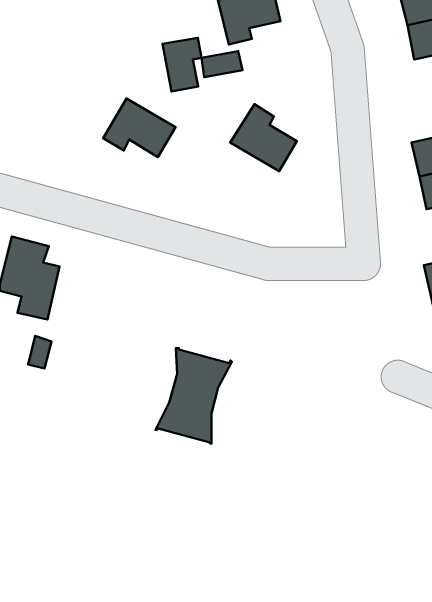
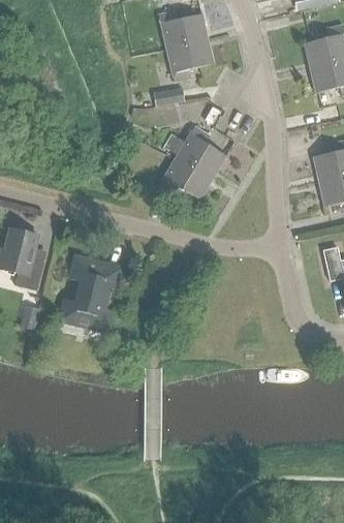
building: [163,38,201,91] -> none
building: [103,99,176,157] -> [158,156,213,201]
building: [156,348,232,443] -> [61,257,119,330]

